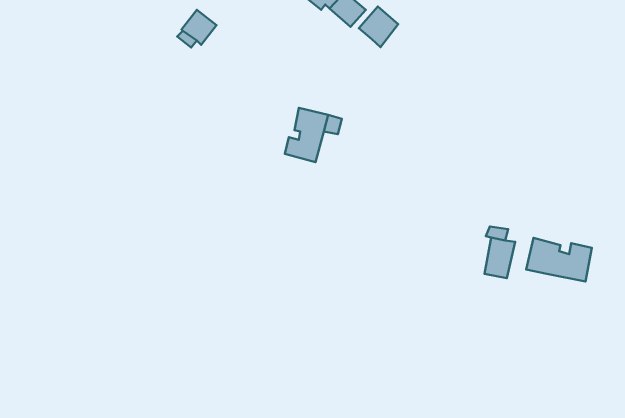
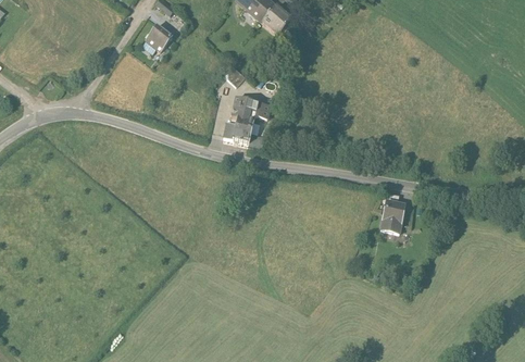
building: [359,7,398,47] -> none
building: [526,238,592,281] -> none

